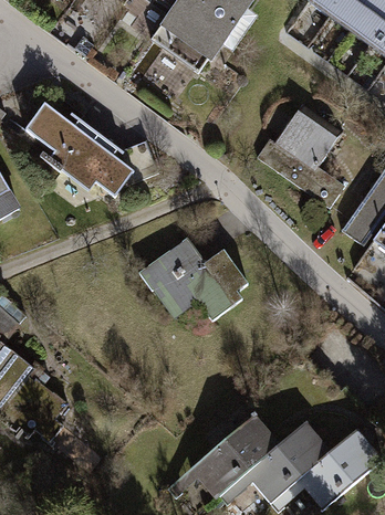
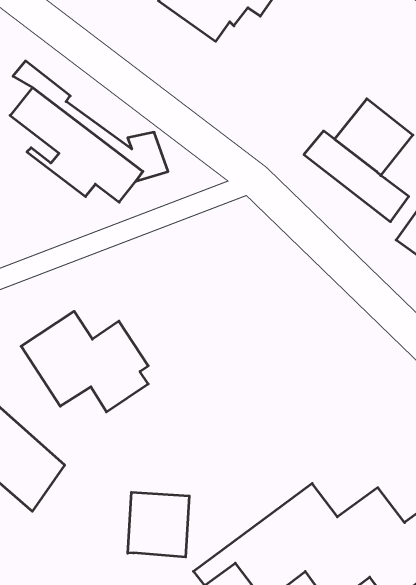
building: [150,242,251,322] -> [21,311,148,412]
building: none -> [128,492,189,557]

